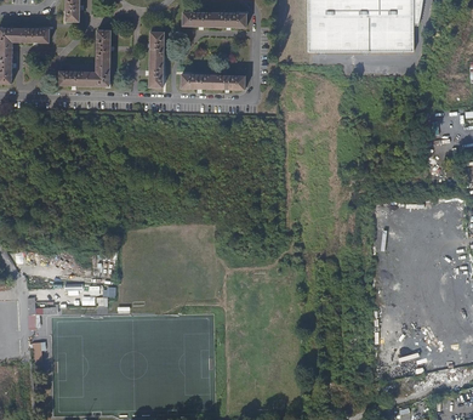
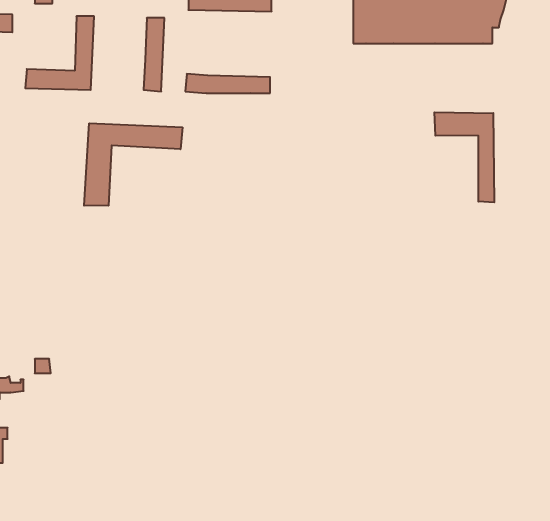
building: none -> [434,112,494,202]
building: none -> [84,123,182,206]

